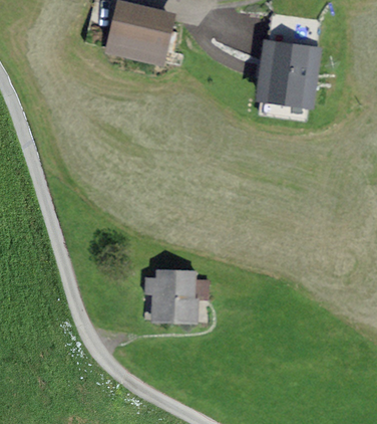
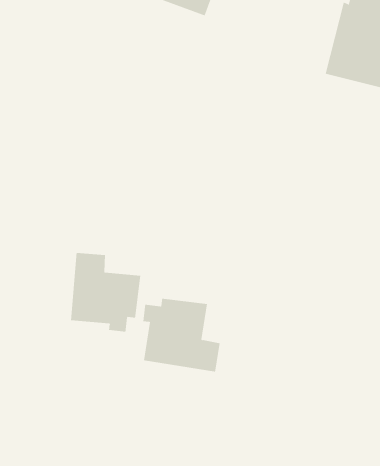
building: none -> [71,252,141,333]

